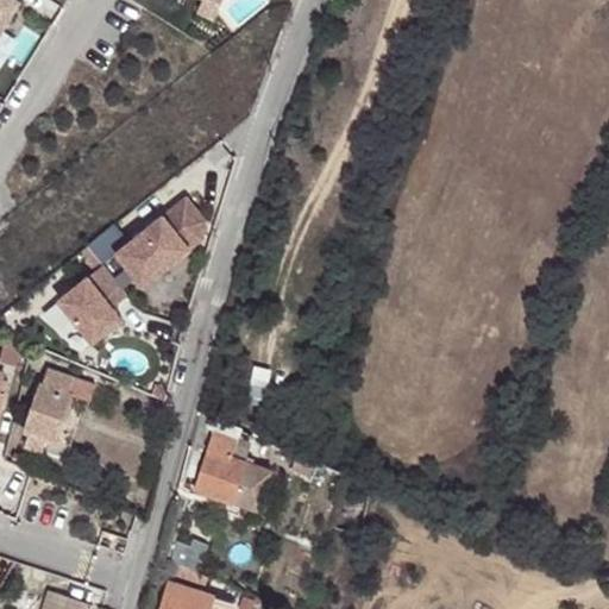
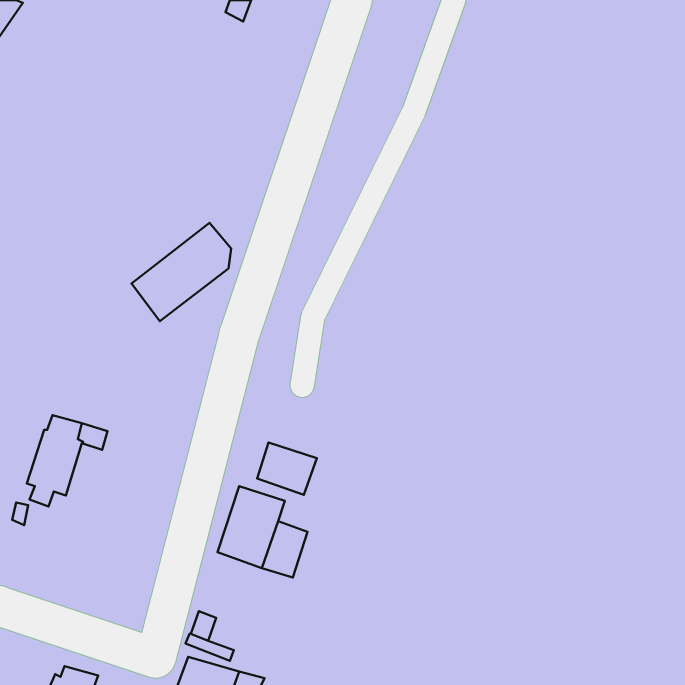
building: [57,264,127,341] -> none
building: none -> [257,442,317,495]

